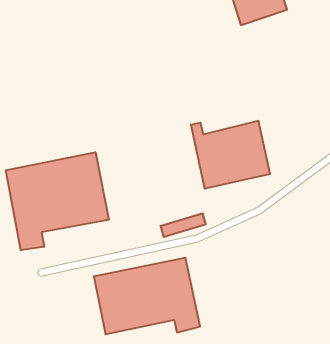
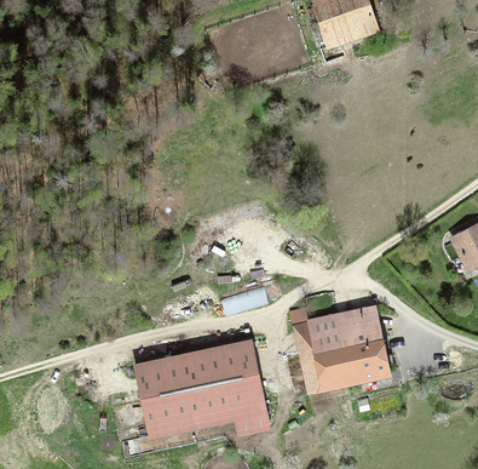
building: [191,121,270,188] -> [290,307,390,391]
building: [6,152,109,250] -> none

